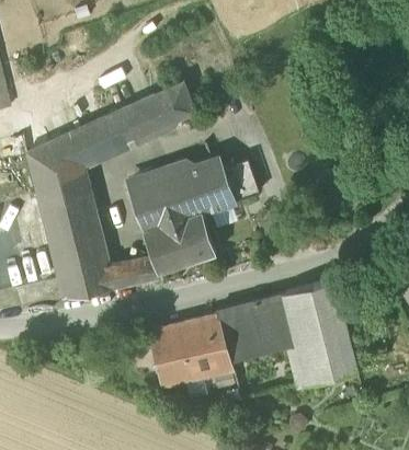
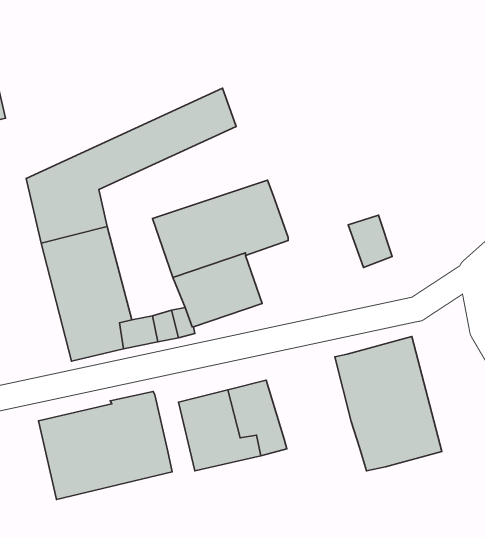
building: [224,160,259,201] -> [348,215,392,267]
building: [217,297,286,362] -> none
building: none -> [38,392,172,500]

